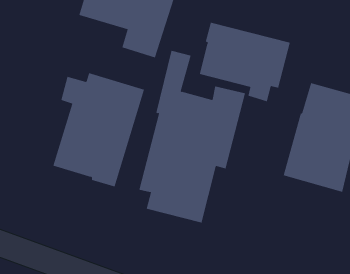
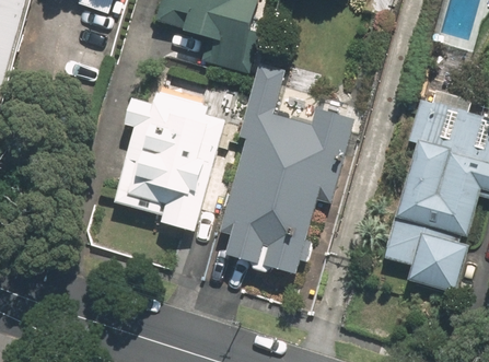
building: [199,22,290,102] -> none
building: none -> [389,226,469,293]

